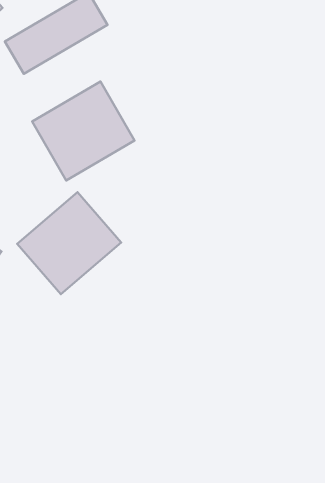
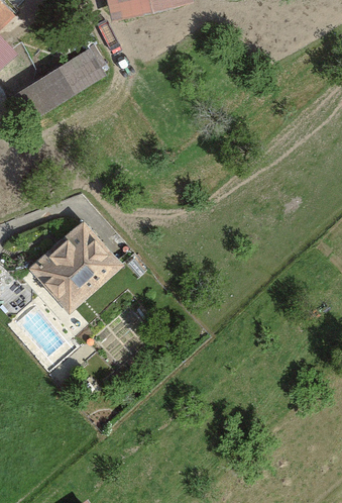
building: [32,81,134,181] -> none

